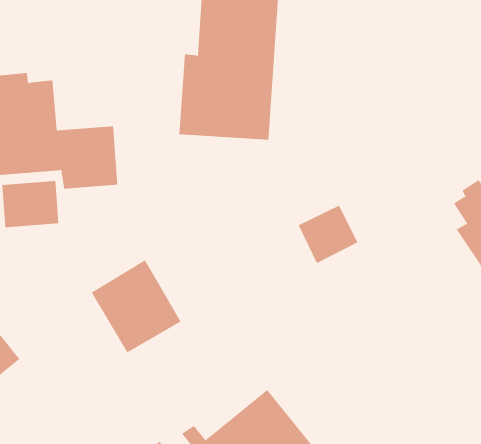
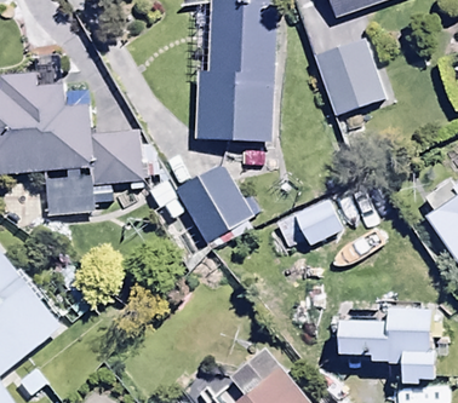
building: none -> [311,36,387,115]
building: [91,259,181,353] -> [176,161,252,240]
building: none -> [343,307,439,386]

